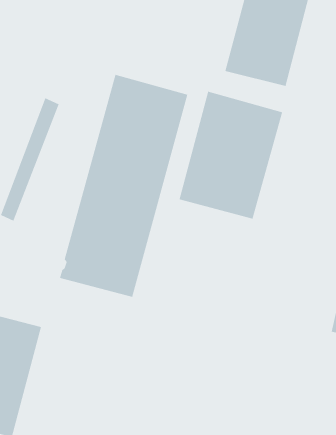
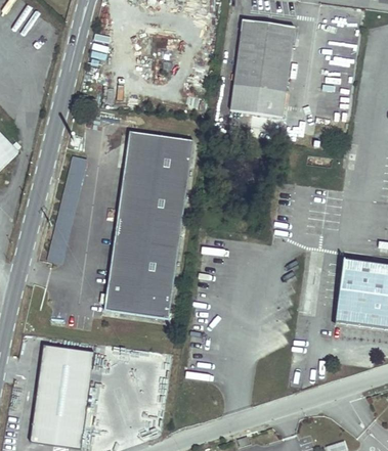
building: [179,91,283,219] -> none

